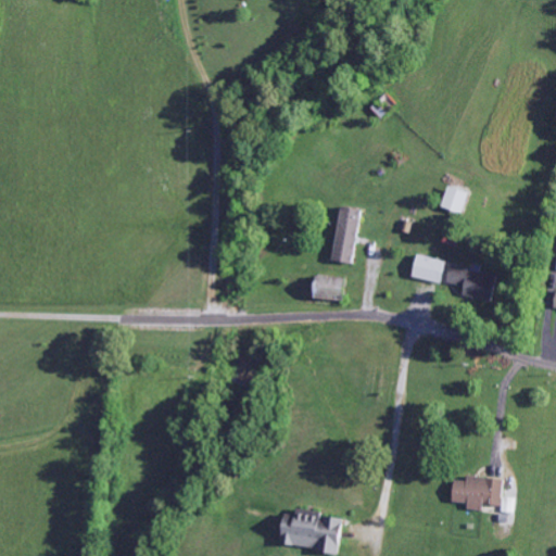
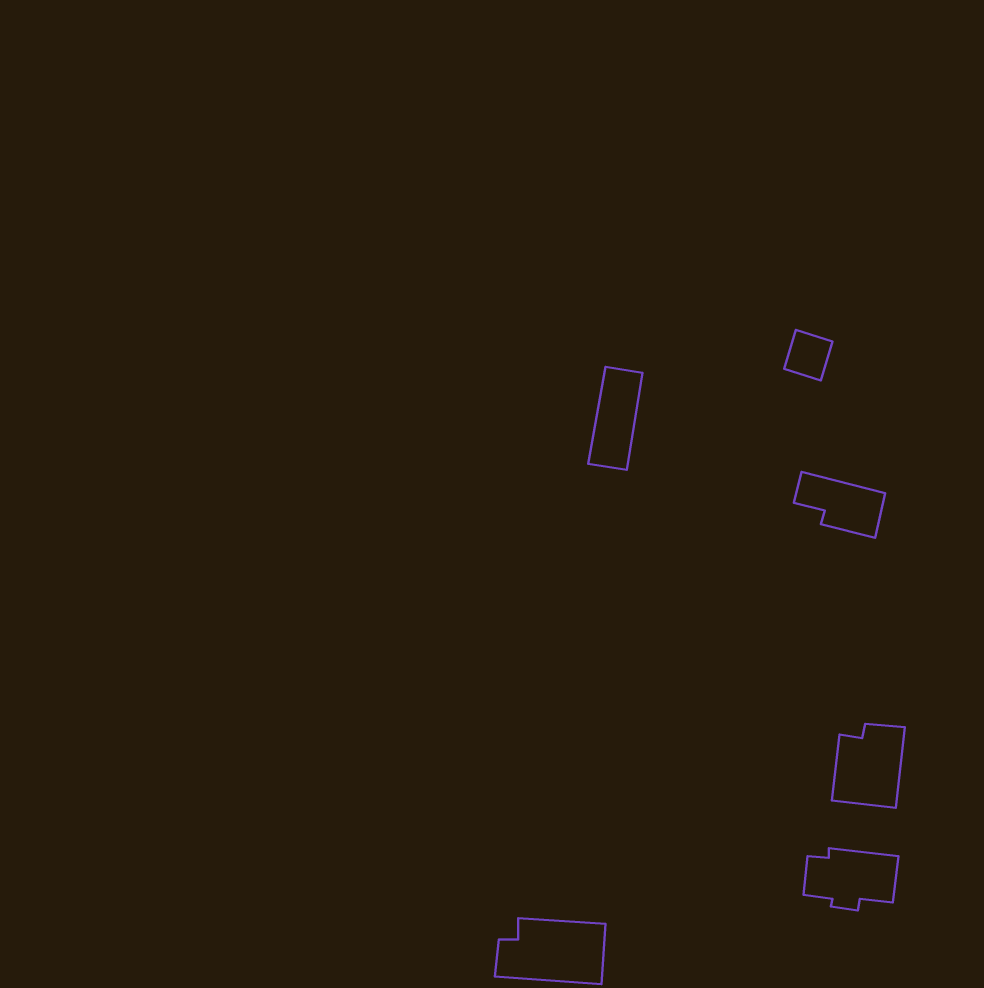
building: [409,254,443,281] -> none
building: [311,275,341,299] -> none
building: none -> [832,724,905,808]

